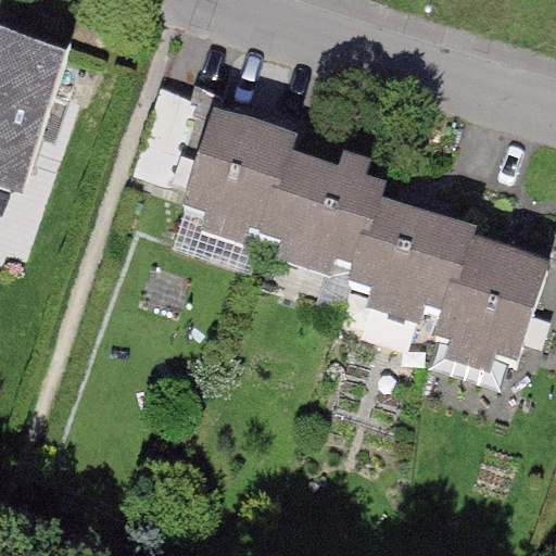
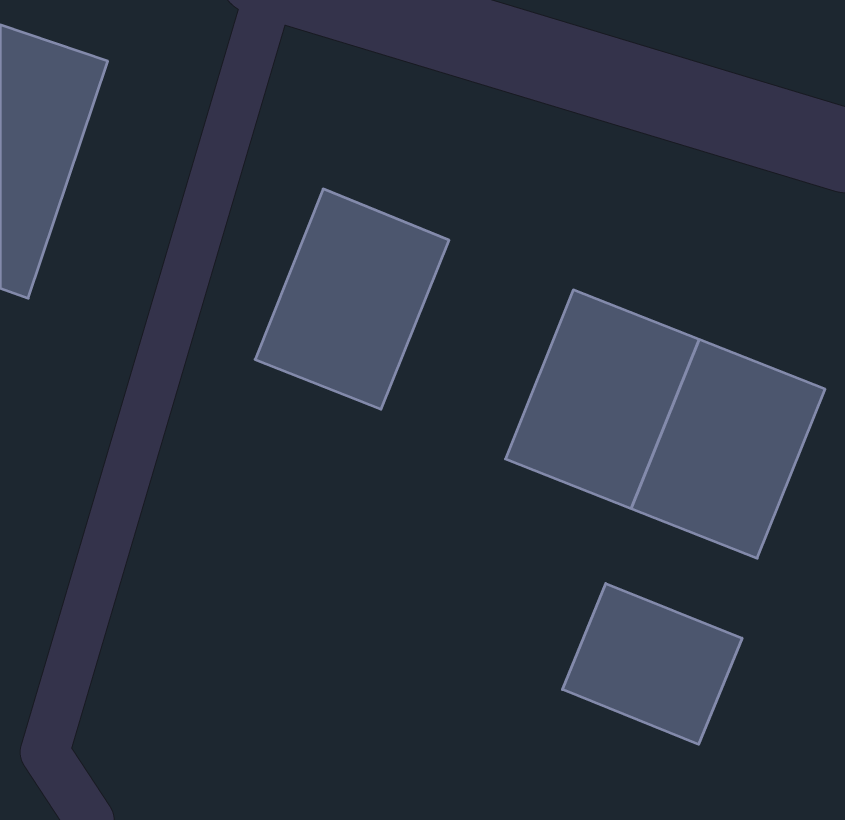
building: [251,157,377,301] -> none
building: none -> [562,583,742,744]

